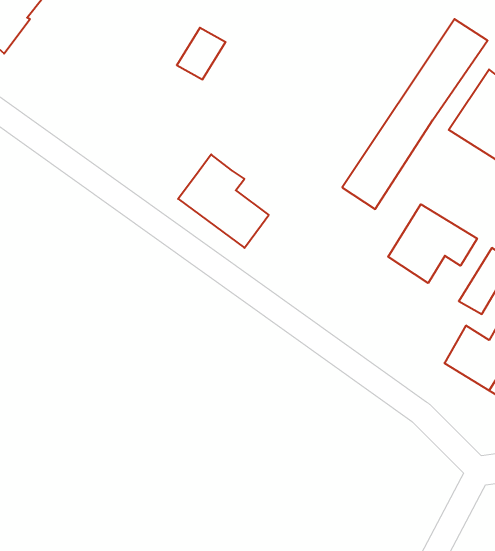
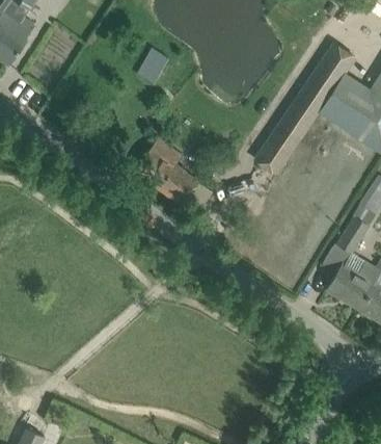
building: [388,204,477,283] -> none

